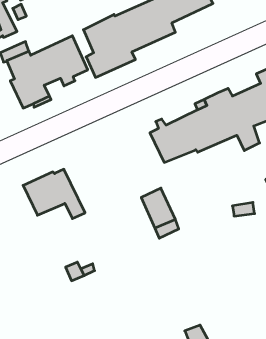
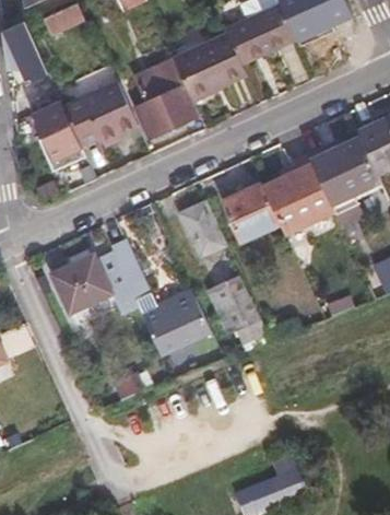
building: none -> [177,208,218,259]
building: none -> [107,241,203,349]

